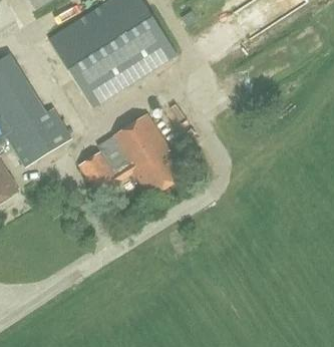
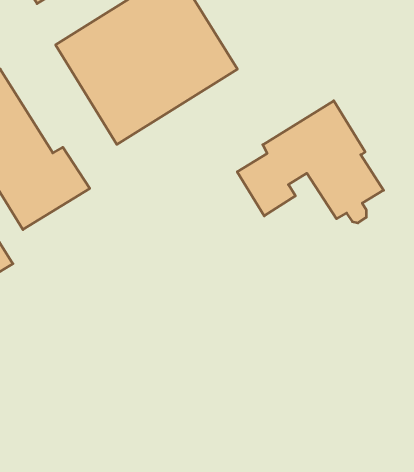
building: [80,114,184,201] -> [237,101,384,223]

